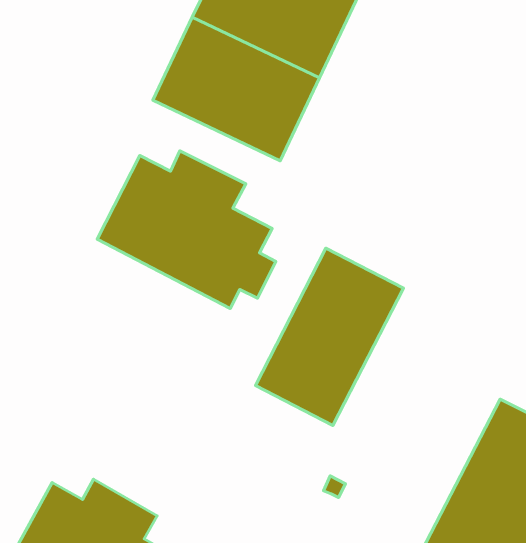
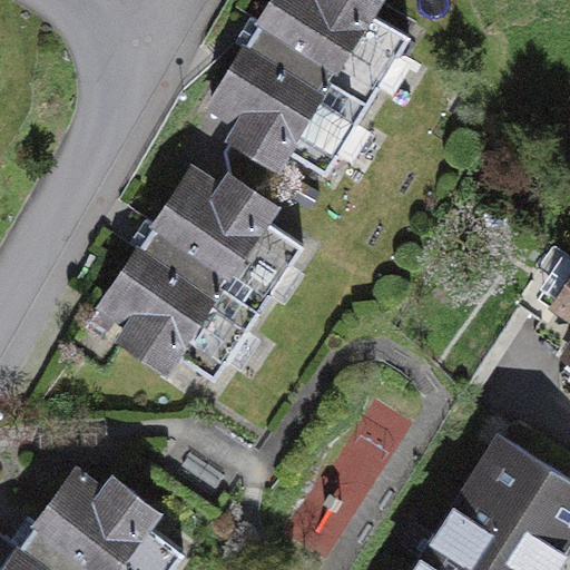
building: none -> [92,239,261,385]
building: [255,248,403,425] -> none

